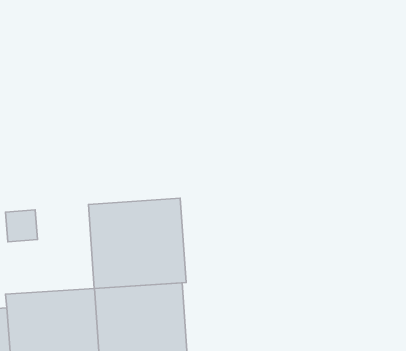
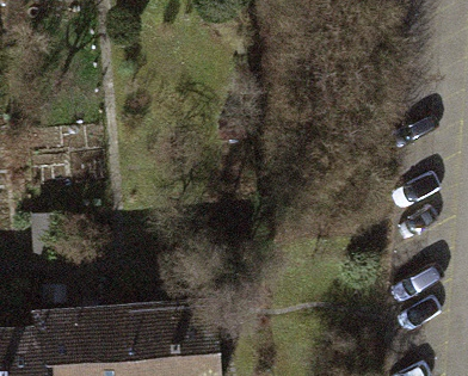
building: [88,198,186,289] -> none

